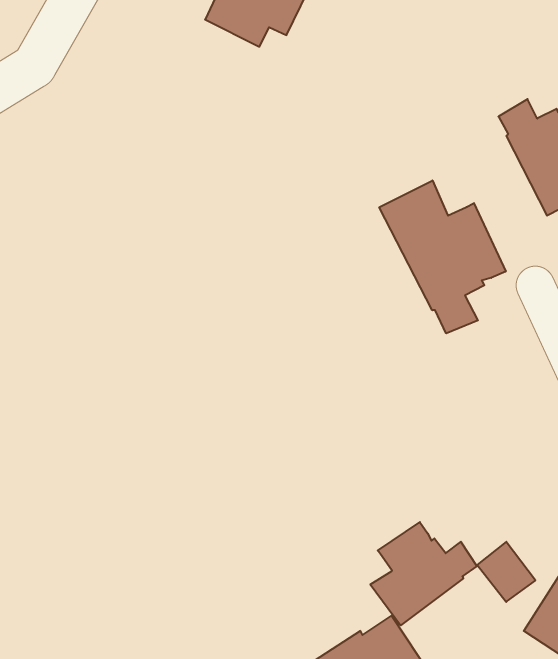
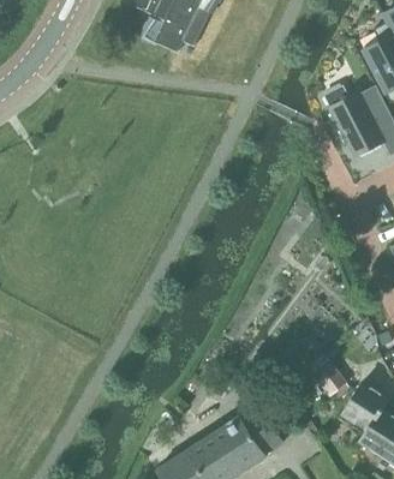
building: [379,180,506,333] -> none
building: [370,522,477,625] -> none

